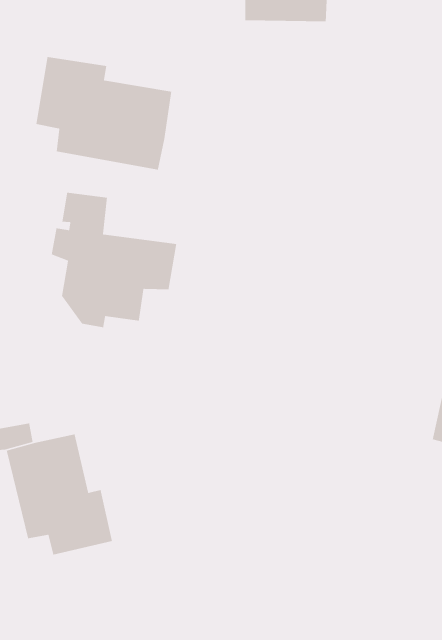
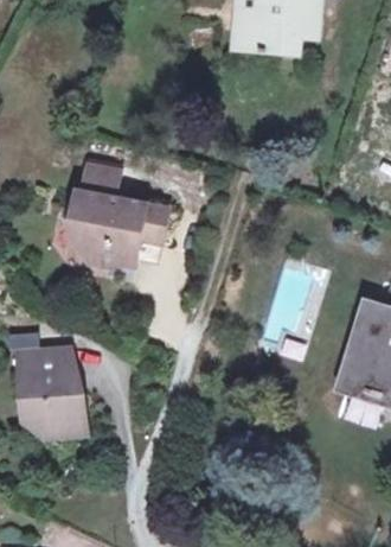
building: [35,56,172,170] -> none

